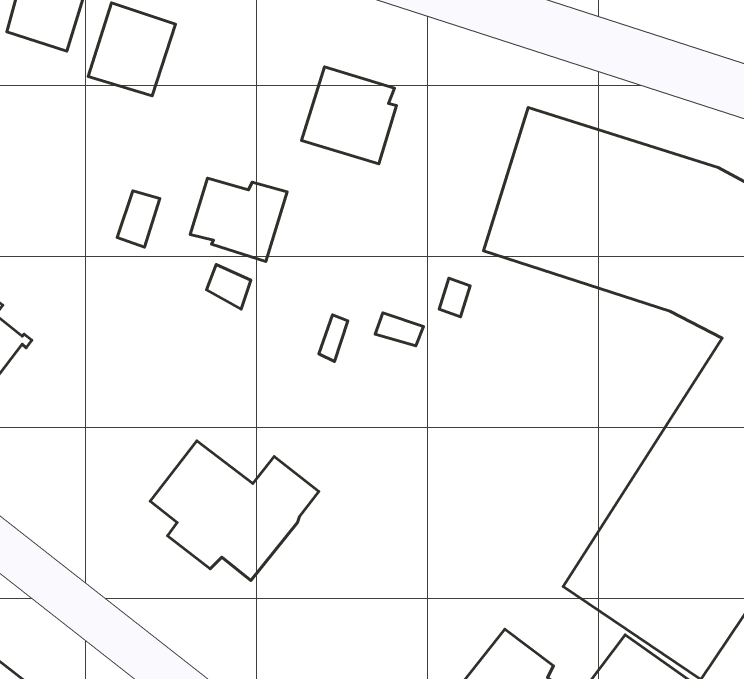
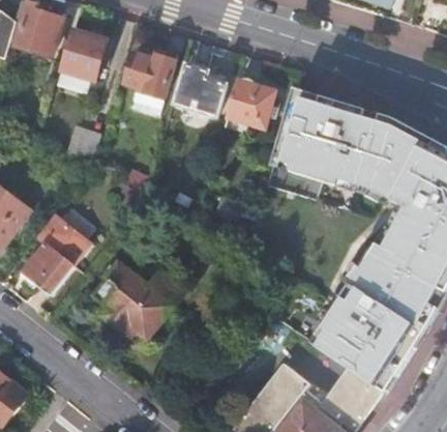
building: none -> [222,80,274,132]
building: [190,178,287,262] -> [123,53,175,97]
building: none -> [21,214,90,293]

